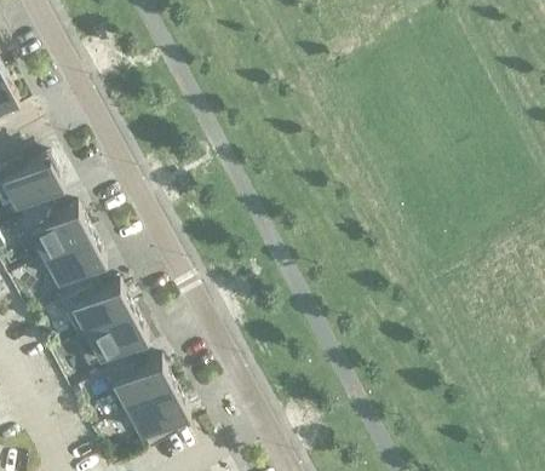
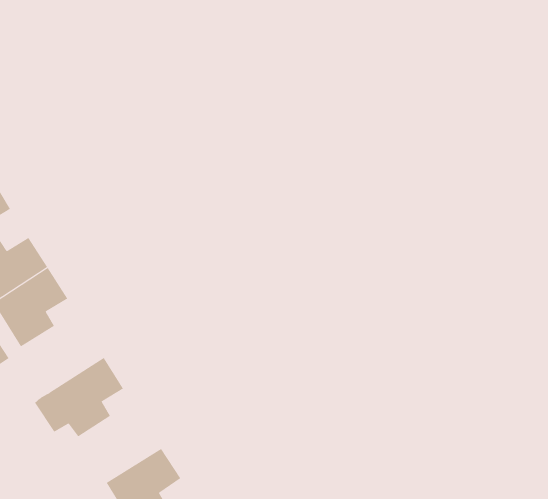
building: [56,282,131,340] -> none
building: [105,358,173,413] -> none

